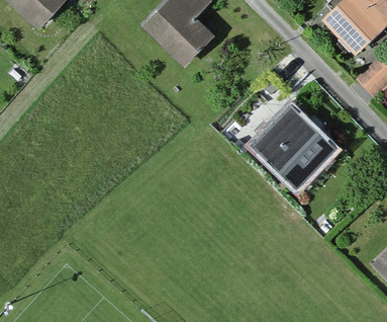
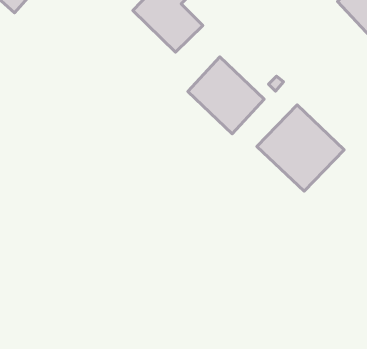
building: none -> [188,57,264,134]

